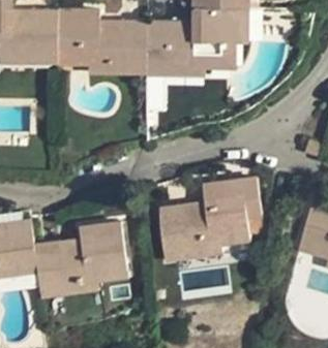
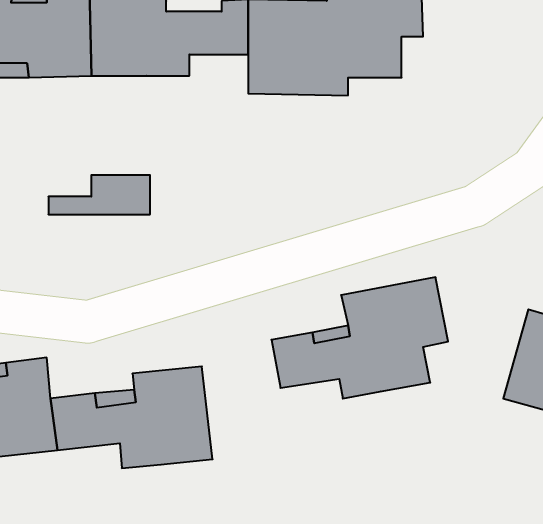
building: [87,48,146,70] -> [48,175,150,214]
building: [165,235,225,263] -> none
building: [35,273,96,302] -> none

